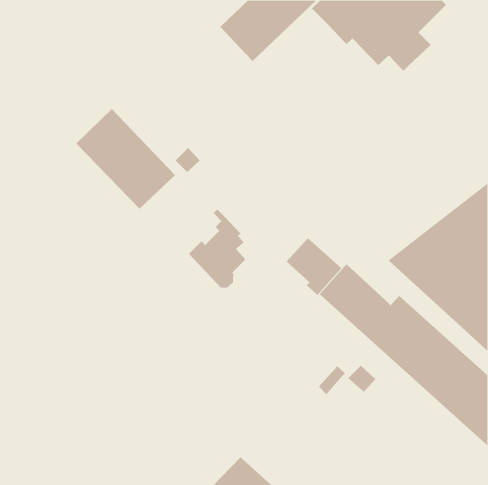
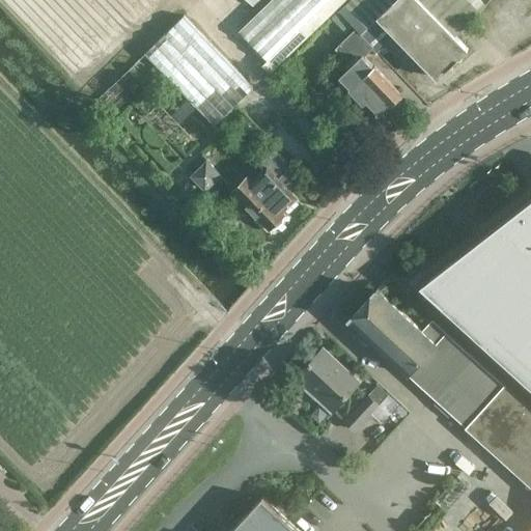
building: none -> [335,30,403,118]
building: [76,108,176,209] -> [143,17,252,127]
building: [188,209,246,288] -> [231,144,295,230]
building: [286,238,342,296] -> [296,352,357,415]

